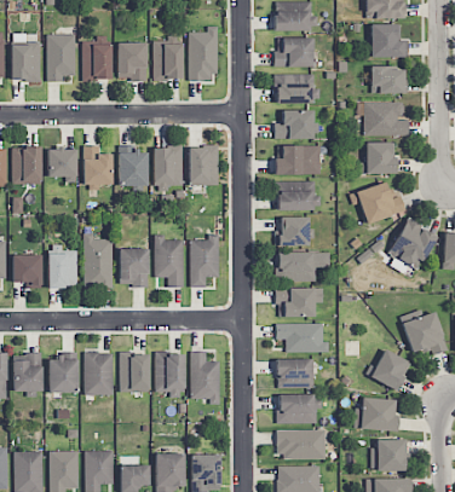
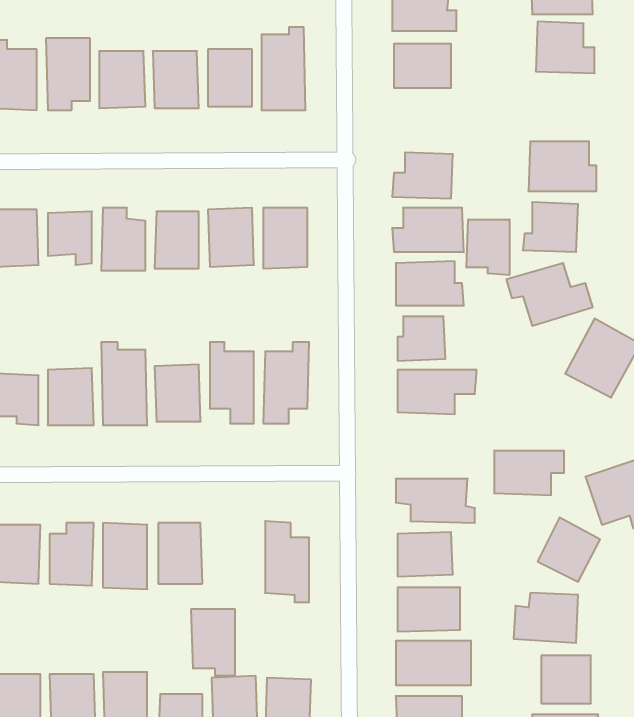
building: [370,66,405,93] -> none
building: [277,74,321,103] -> none
building: none -> [466,219,509,275]
building: [277,288,323,317] -> [494,451,564,495]
building: [155,353,184,397] -> [191,609,235,676]

